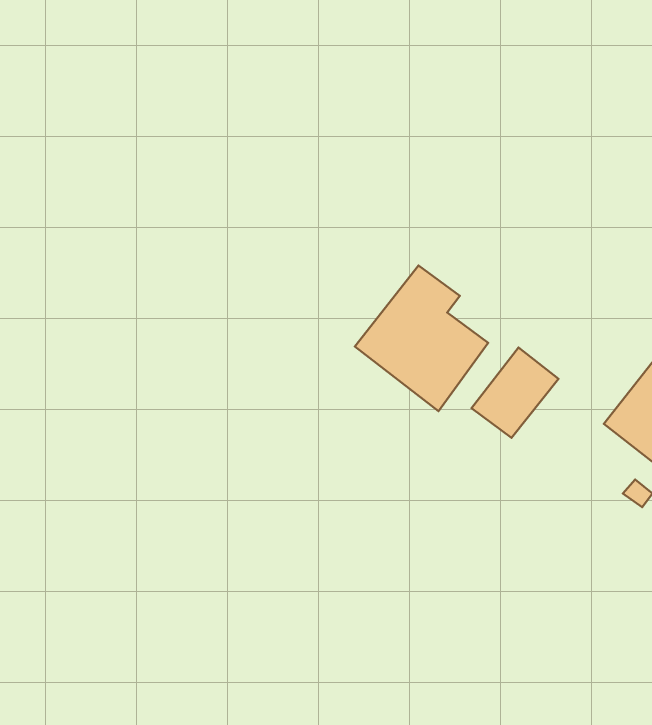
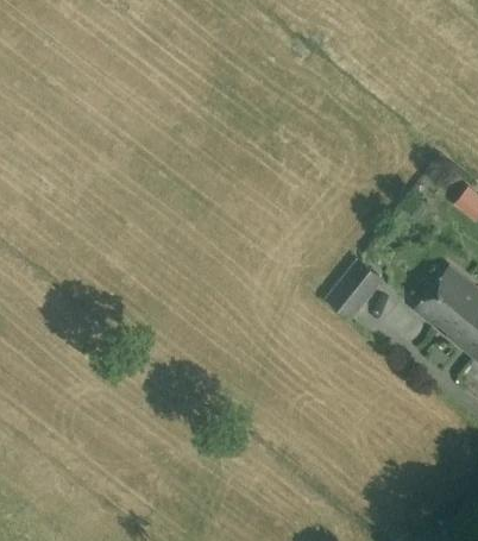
building: [355,266,488,411] -> none

